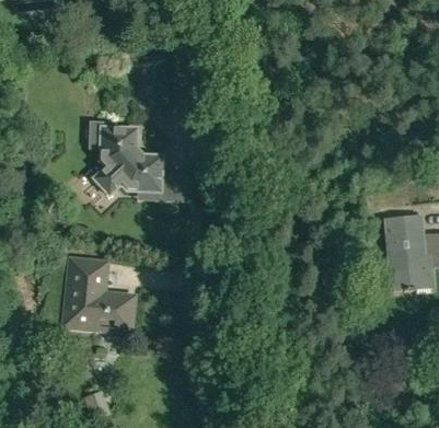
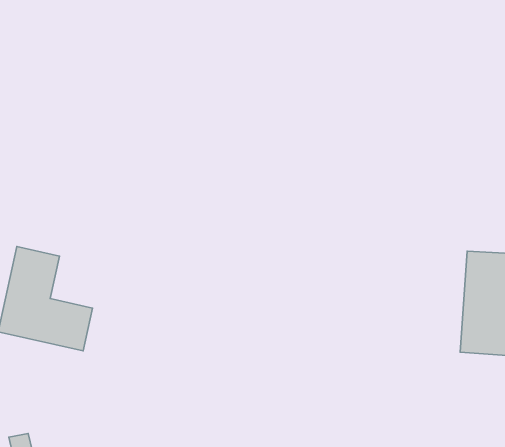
building: [92,126,160,194] -> none

